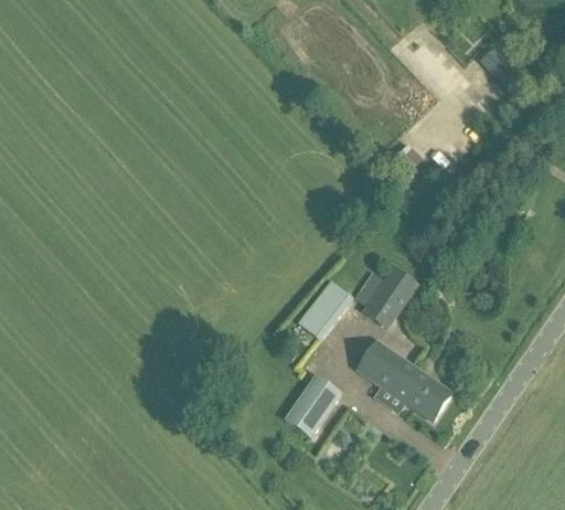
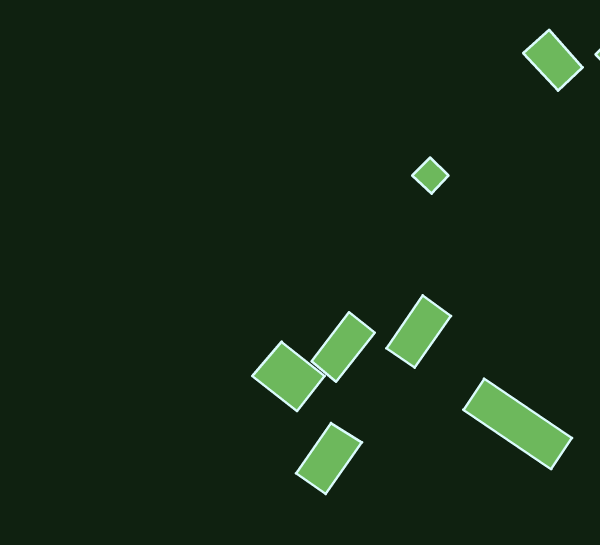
building: none -> [252,342,325,411]
building: [358,341,450,418] -> [463,379,572,469]

